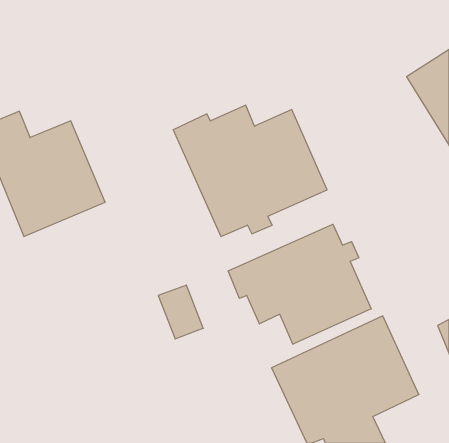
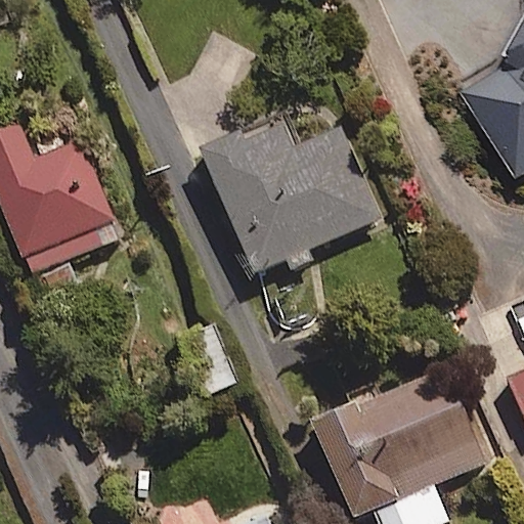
building: [228,224,371,344] -> none

